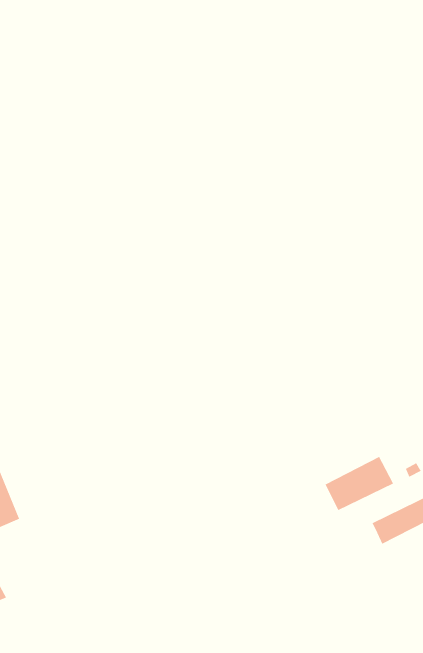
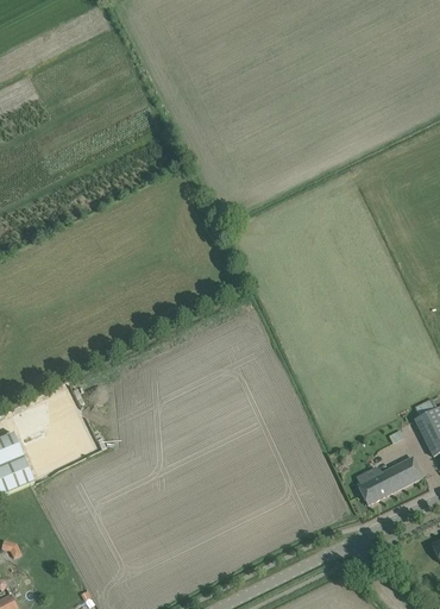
building: [324,456,394,511] -> none

